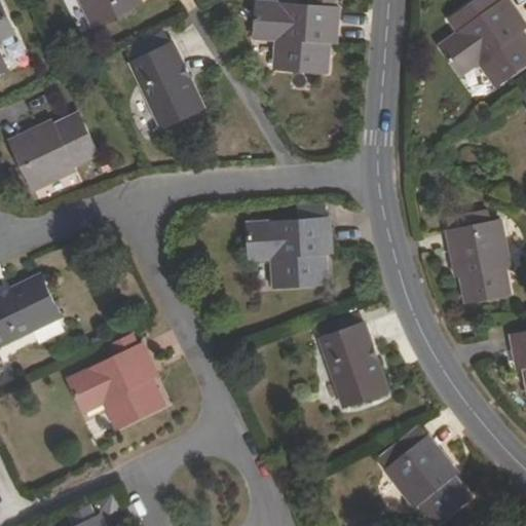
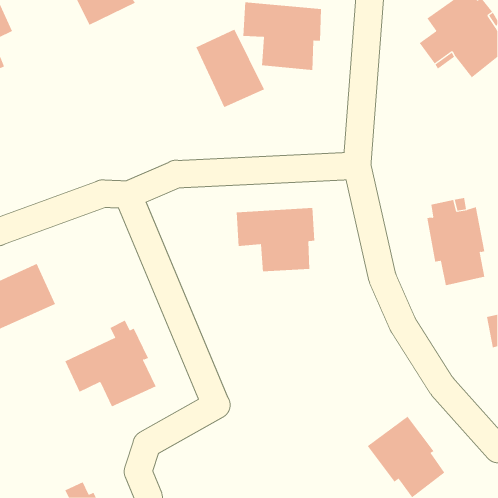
building: [132,44,204,127] -> [196,29,265,108]
building: [10,114,98,190] -> none
building: [322,325,387,405] -> none

